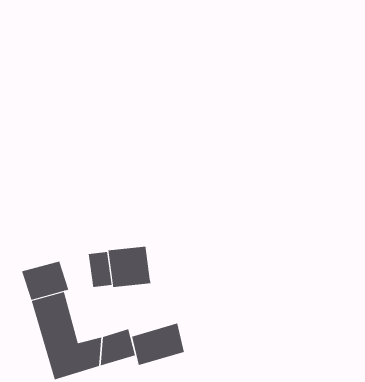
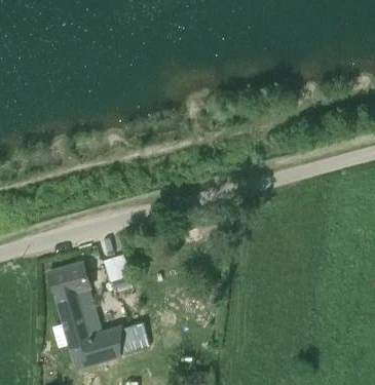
building: [108,246,151,288] -> none
building: [131,323,185,366] -> none

